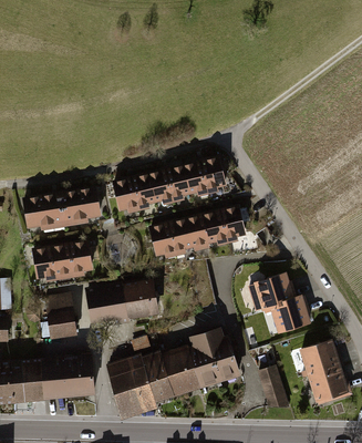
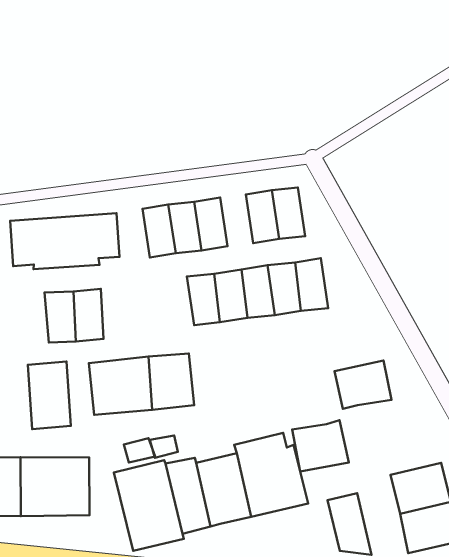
building: [166,166,192,203] -> none
building: [31,245,55,282] -> none
building: [272,297,313,334] -> [292,420,349,472]

